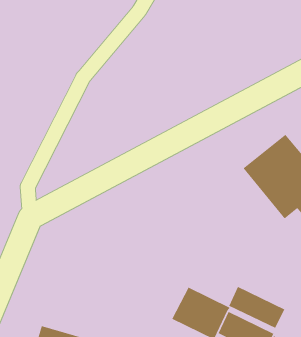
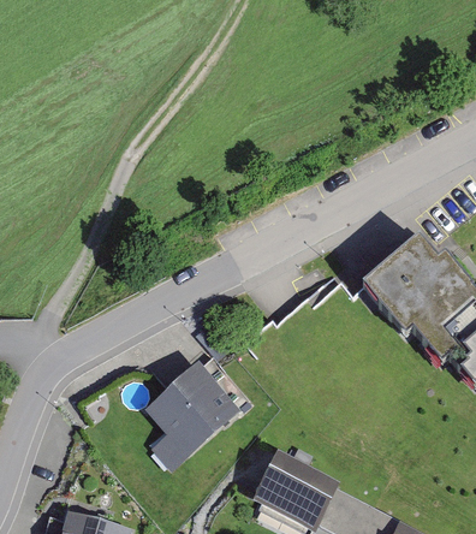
building: none -> [147,362,243,469]
building: [228,286,285,329] -> none

